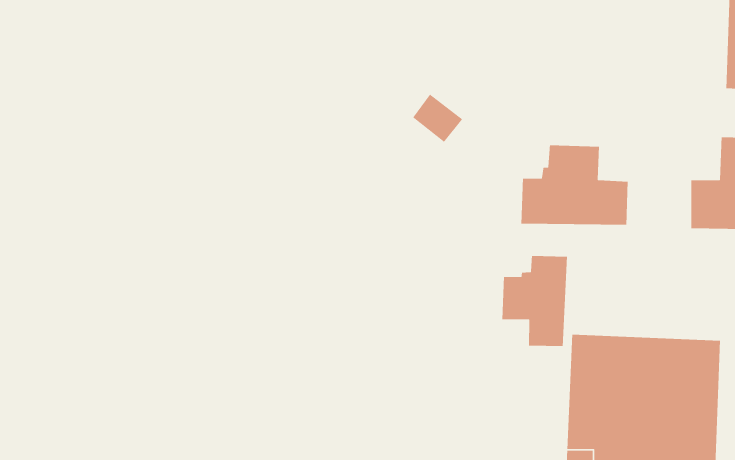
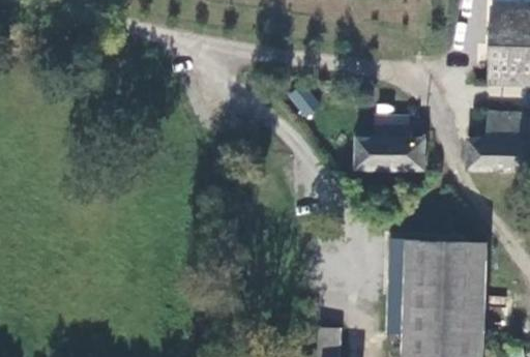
building: [502,255,568,347] -> none

